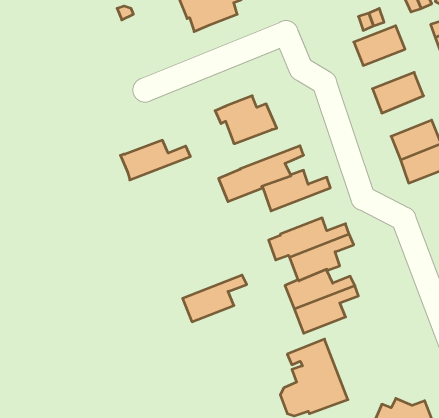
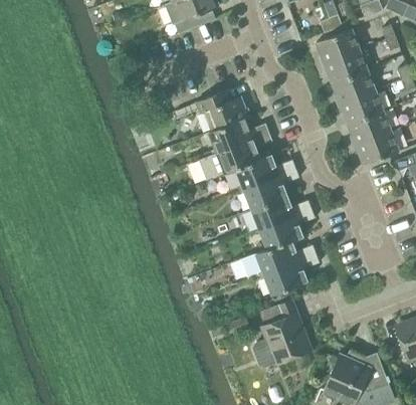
building: none -> [324,49,368,83]
building: none -> [340,89,383,125]
building: [120,140,190,180] -> [209,119,269,153]
building: [183,275,247,322] -> [244,169,299,209]

